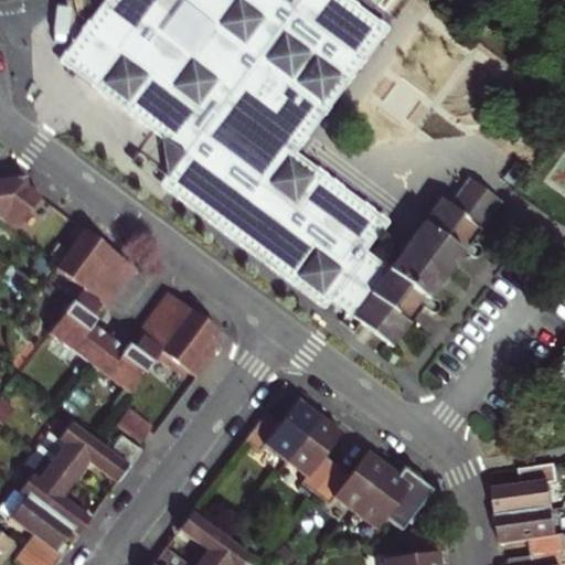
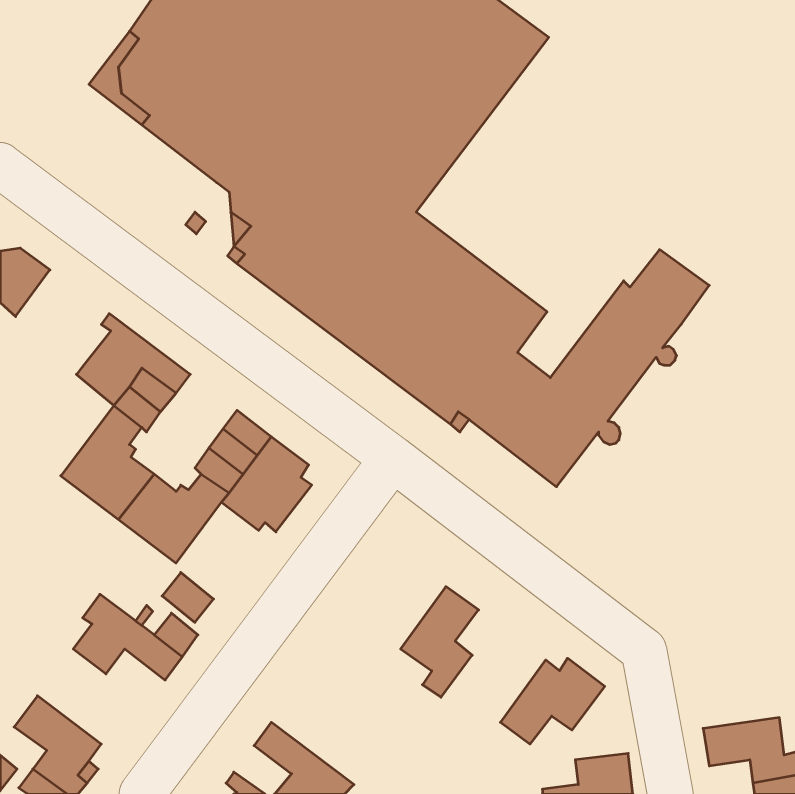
building: [245,401,317,459] -> none
building: [313,450,387,511] -> none
building: [21,459,93,532] -> none
building: [495,462,558,515] -> none

